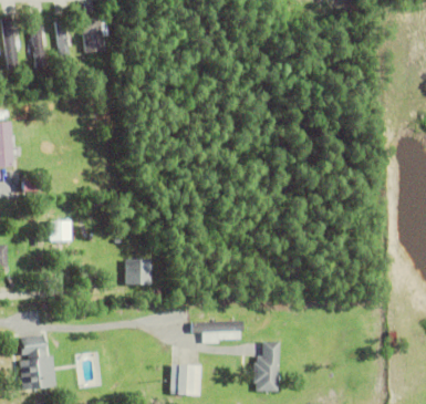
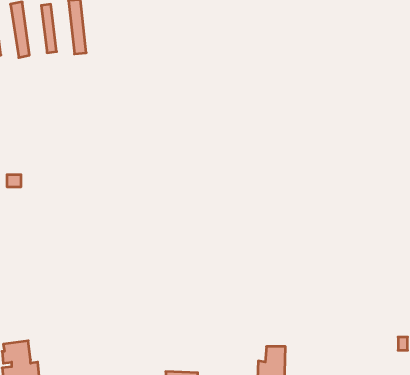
building: [49,220,71,242] -> none
building: [125,260,150,284] -> none
building: [193,321,243,341] -> none

